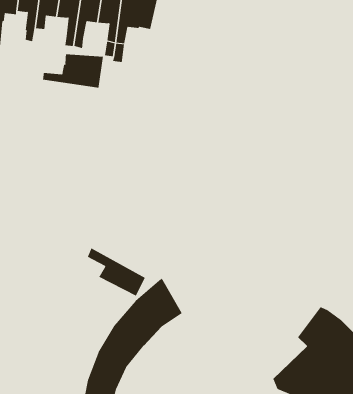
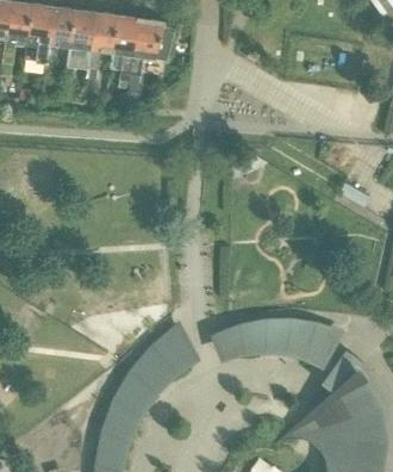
building: [42,54,104,89] -> none
building: [87,248,146,297] -> none
building: none -> [210,318,344,371]

